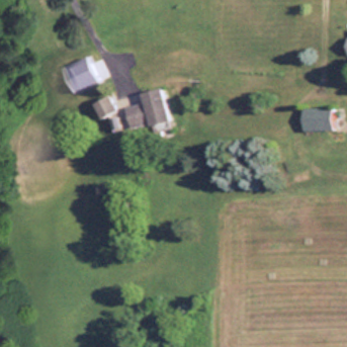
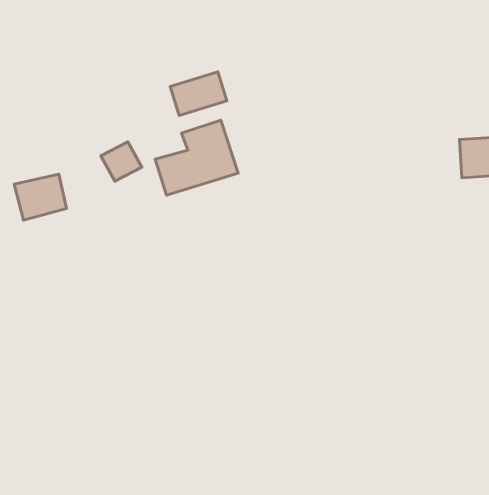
building: none -> [170,72,227,116]
building: [66,61,95,86] -> [14,174,66,220]

